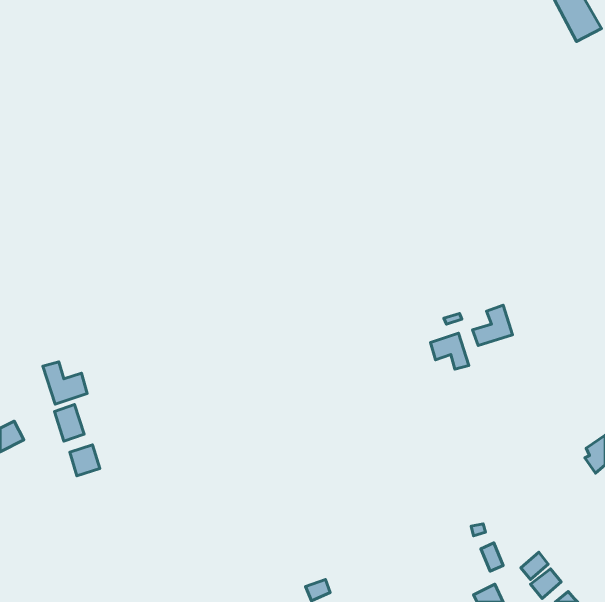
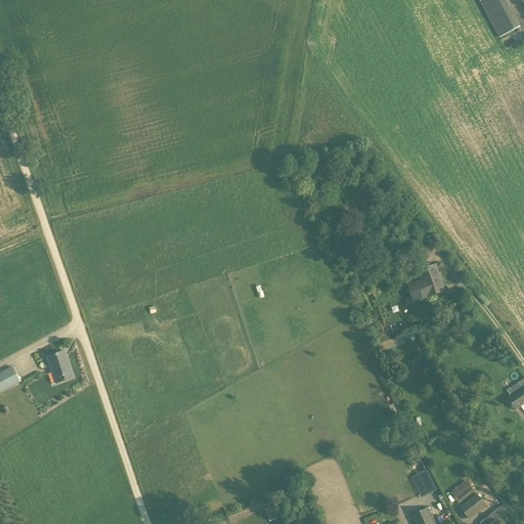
building: [431,333,469,369] -> none
building: [43,362,87,404] -> none
building: [70,445,100,476] -> none

